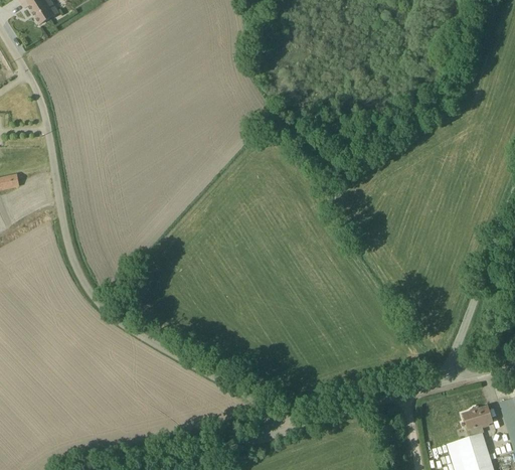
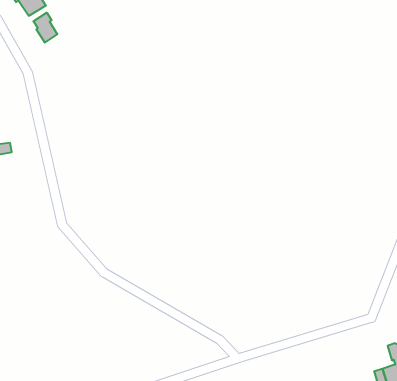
building: none -> [33,13,57,43]

